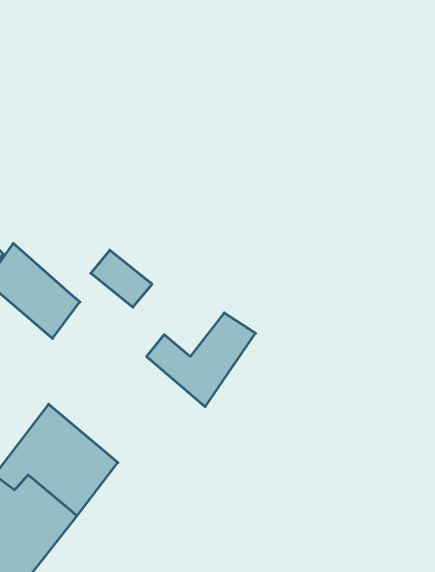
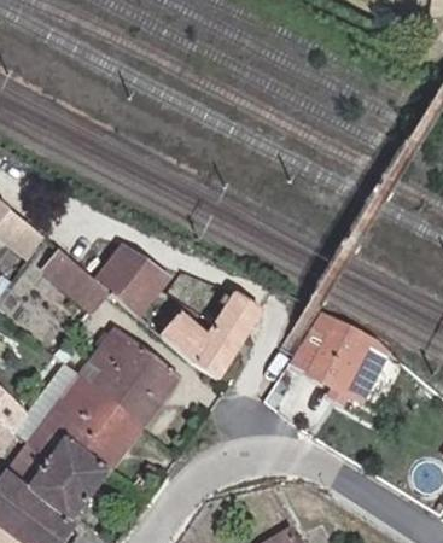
building: none -> [99,261,153,311]
building: none -> [310,321,389,411]
building: none -> [78,333,179,428]

